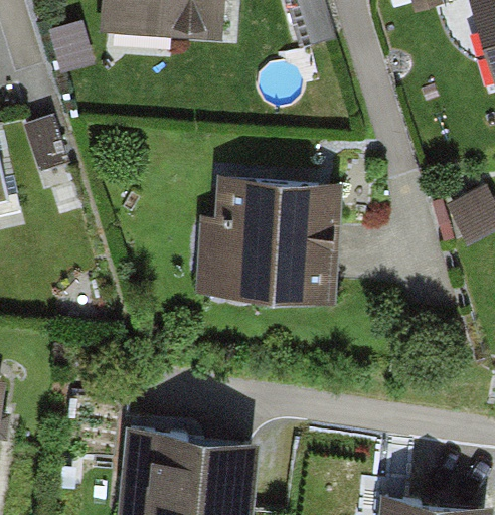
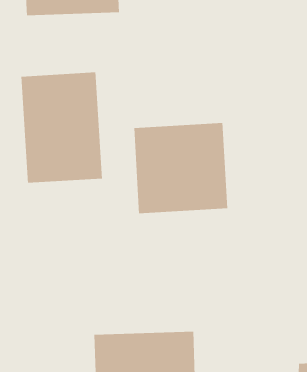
building: none -> [21,72,102,184]

